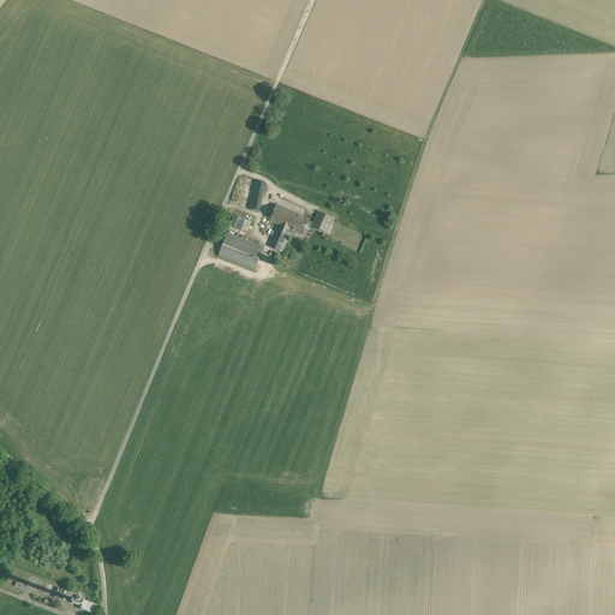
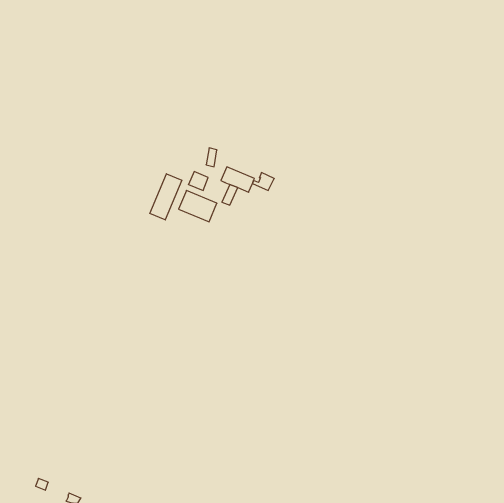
building: none -> [150,174,182,220]

